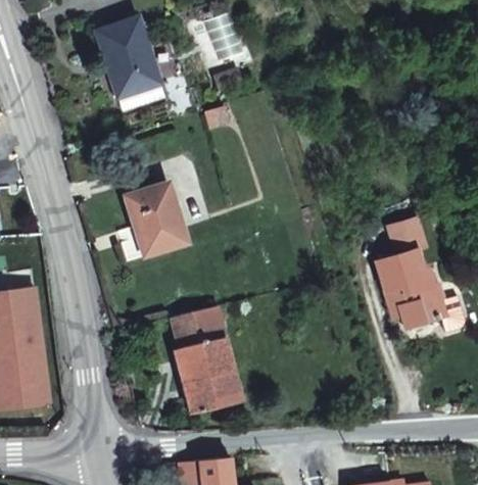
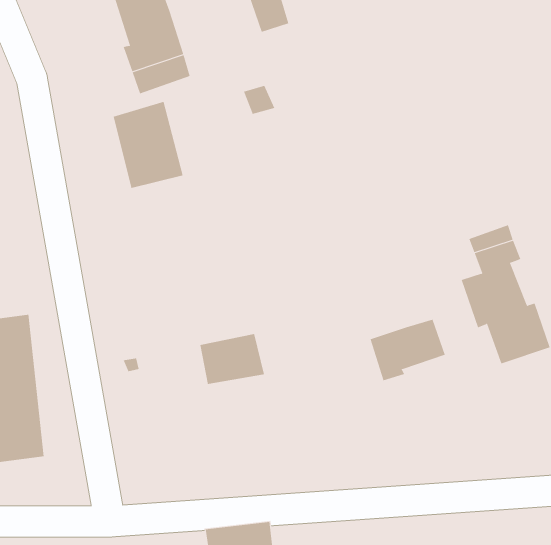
building: [126,183,182,252] -> [113,101,183,188]
building: none -> [370,319,446,381]
building: [177,337,238,413] -> none

